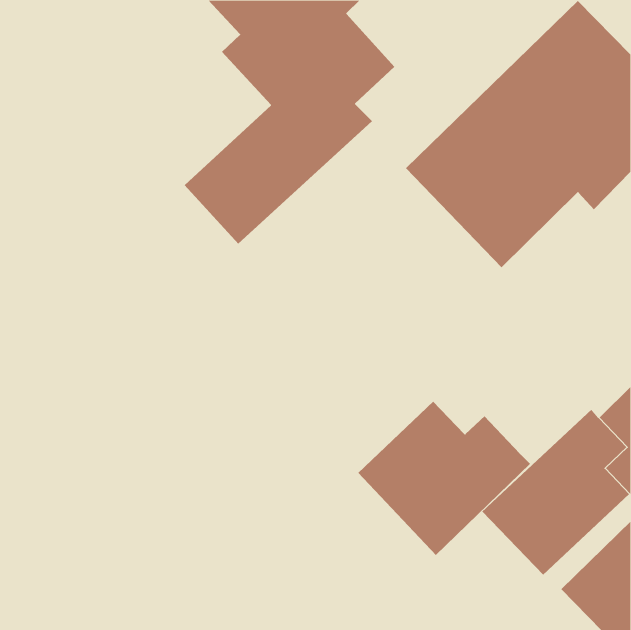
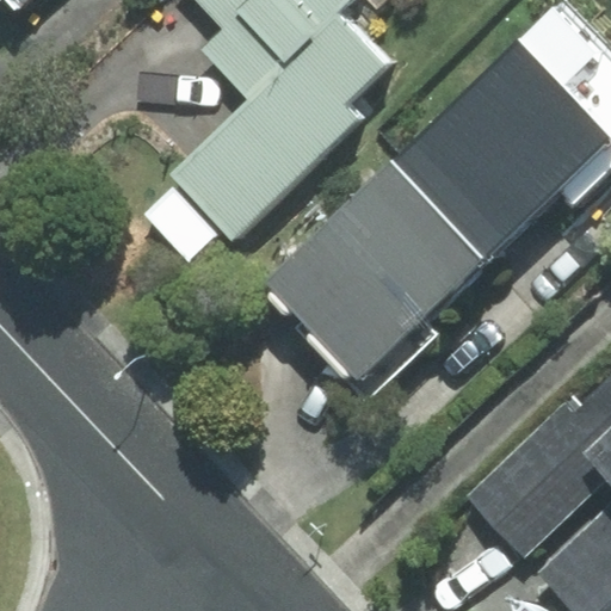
building: none -> [263,163,485,397]
building: [358,401,531,556] -> none

